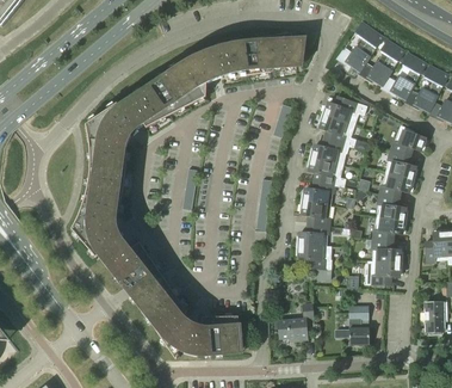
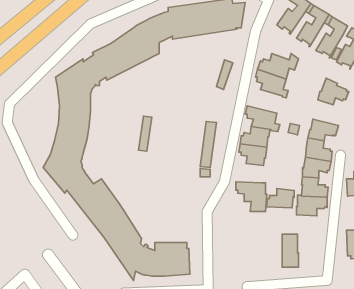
building: [309,137,349,165] -> none
building: [385,149,417,179] -> none
building: [296,223,328,246] -> [267,188,294,208]
building: [278,303,314,340] -> none

